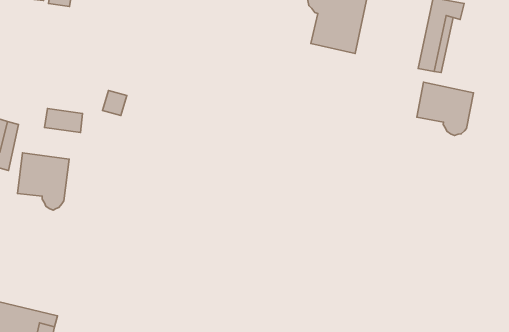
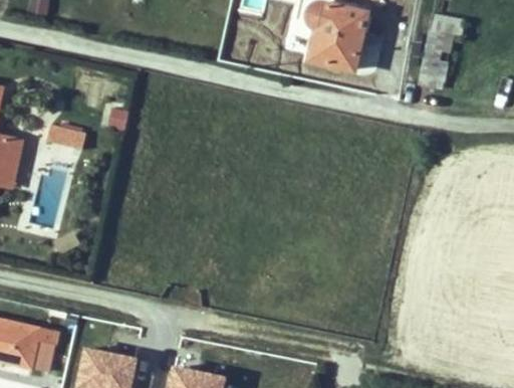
building: [417,82,474,135] -> none
building: [18,153,69,210] -> none

